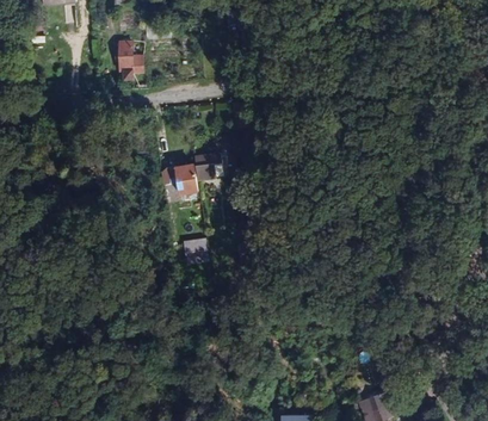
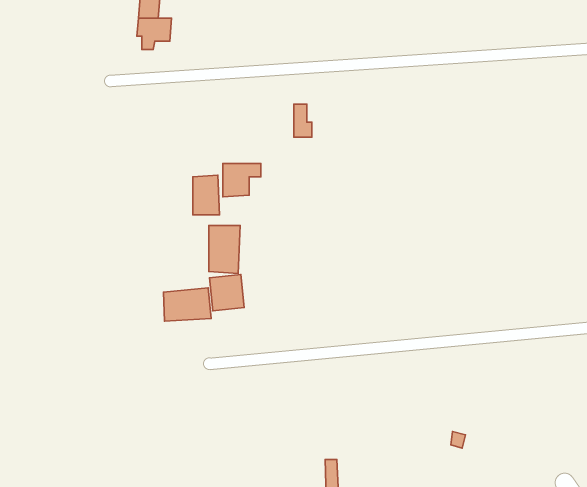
building: none -> [209,226,240,273]
building: none -> [163,288,211,321]

